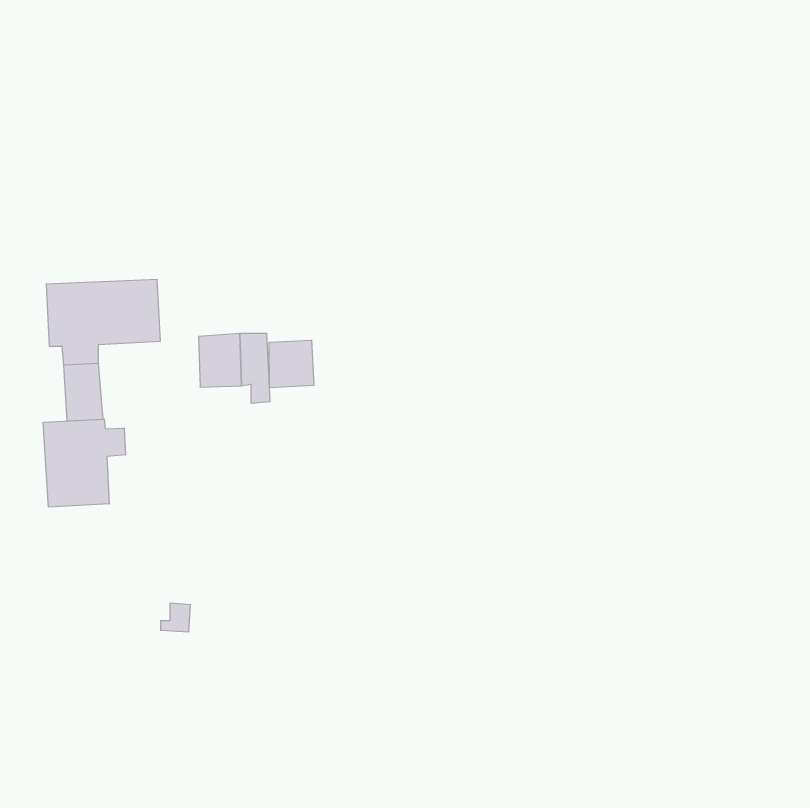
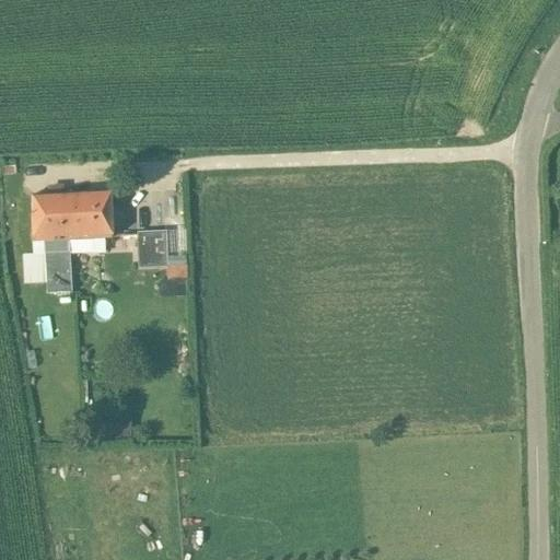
building: [269,340,314,388] -> none
building: [43,419,126,507] -> none

